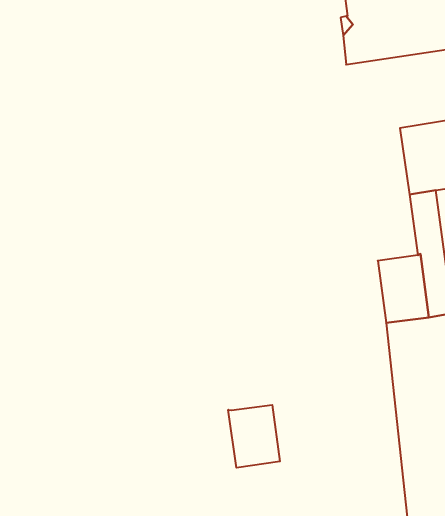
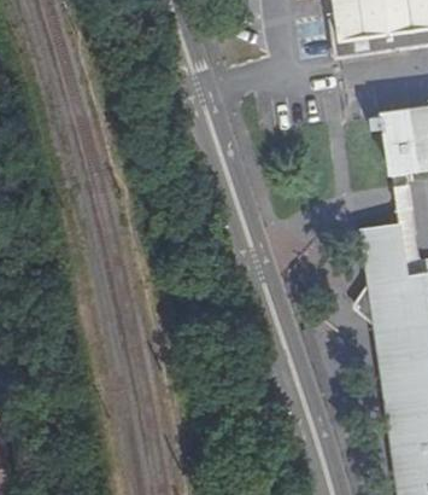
building: [228,405,280,468] -> none

